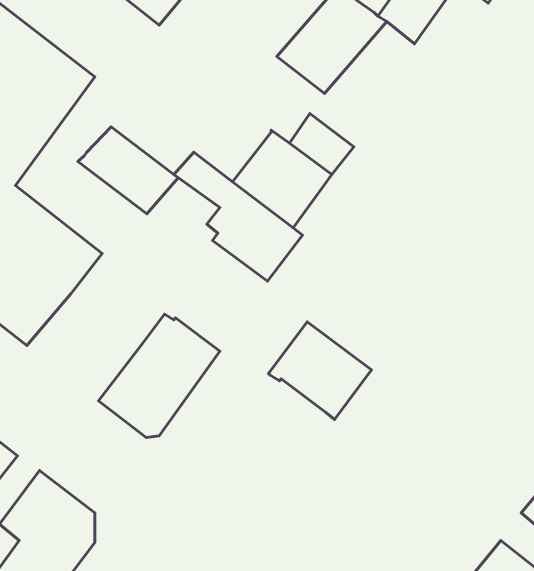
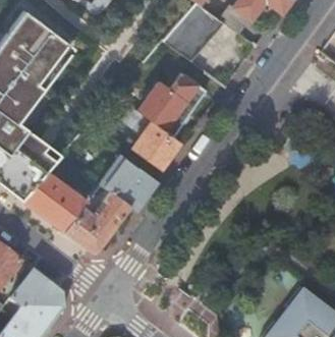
building: [78,127,178,214] -> none
building: none -> [24,173,89,232]
building: [268,322,371,419] -> [100,155,157,209]

